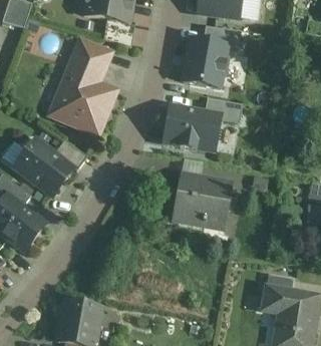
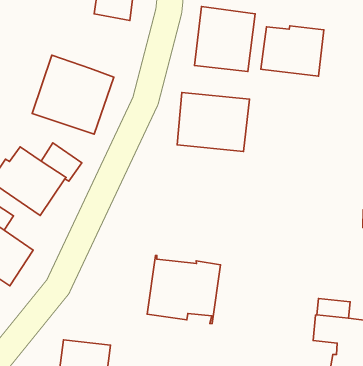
building: [69,38,111,80] -> none
building: none -> [261,26,324,76]
building: [174,171,234,228] -> [147,255,221,324]

